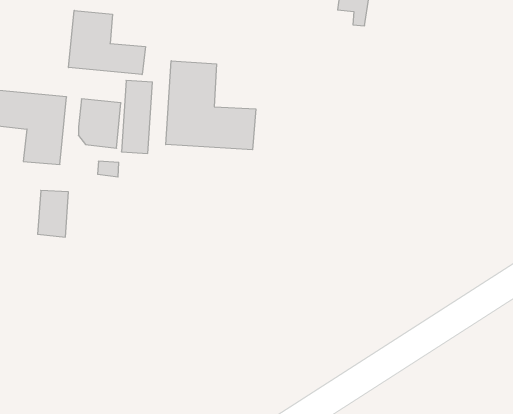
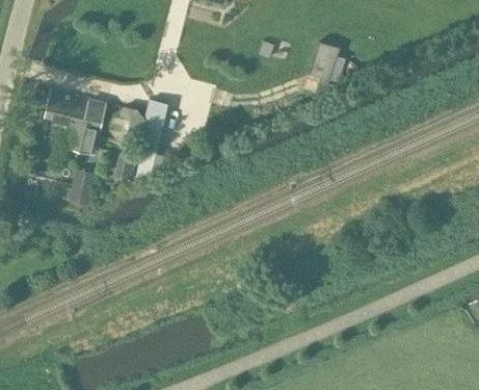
building: [69,10,145,75] -> none
building: [166,61,256,150] -> none

